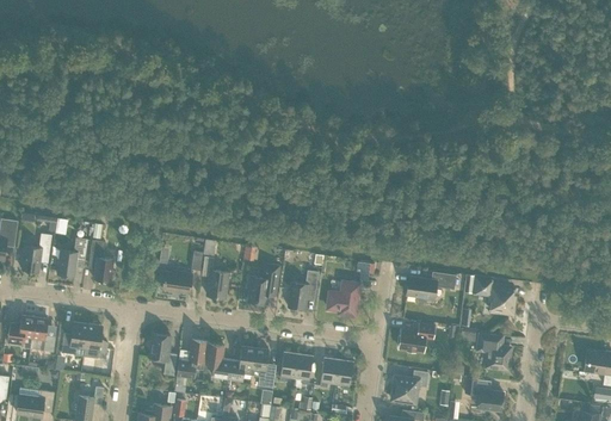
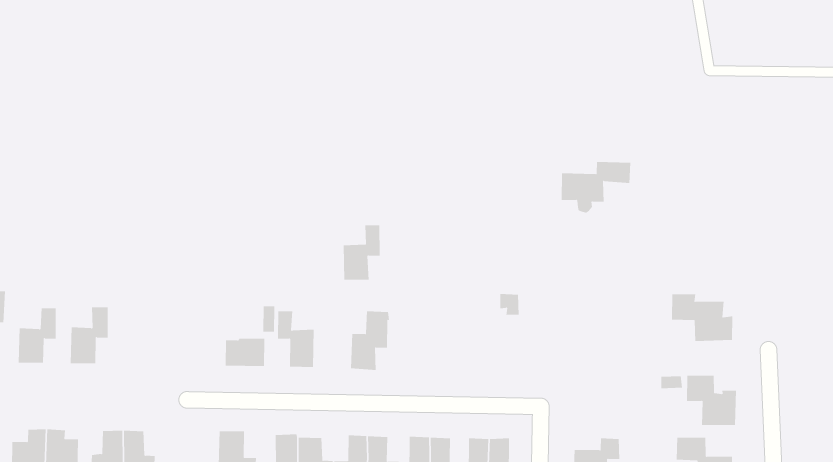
building: [88,240,116,281] -> none
building: [288,270,317,308] -> [343,225,381,280]
building: [405,272,456,307] -> [561,162,631,213]
building: [326,280,358,315] -> none
building: [399,322,434,351] -> none

